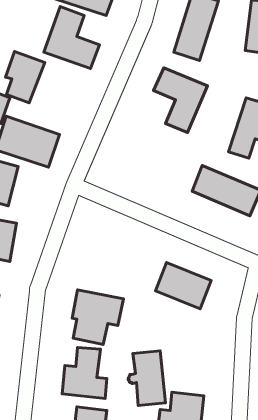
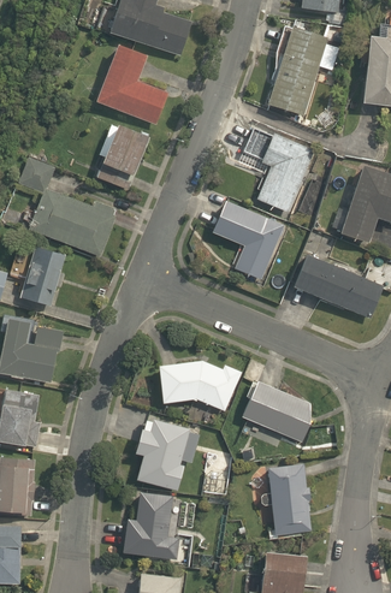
building: [5,51,45,103] -> [97,123,149,190]
building: none -> [212,197,288,280]
building: none -> [159,360,244,413]
building: [128,351,166,406] -> [261,463,310,535]

